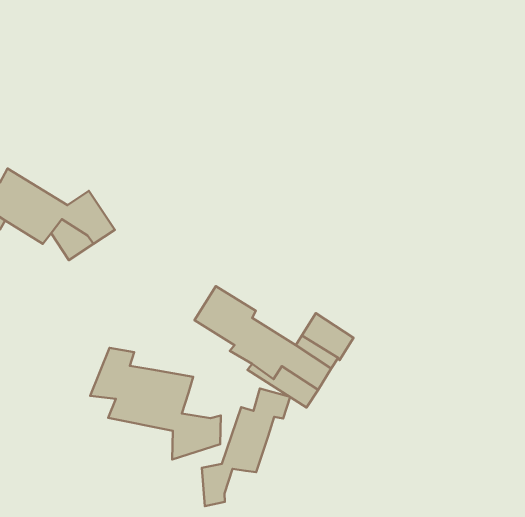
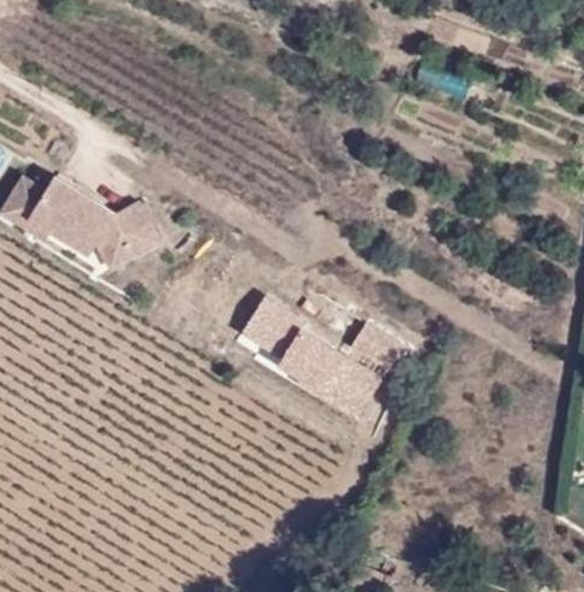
building: [90,348,221,460] -> none
building: [202,389,290,506] -> none

